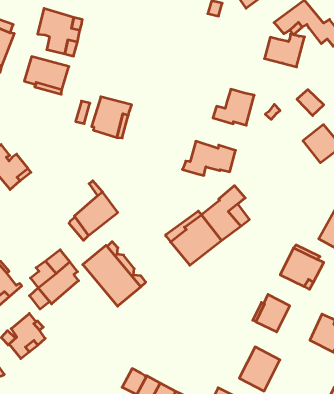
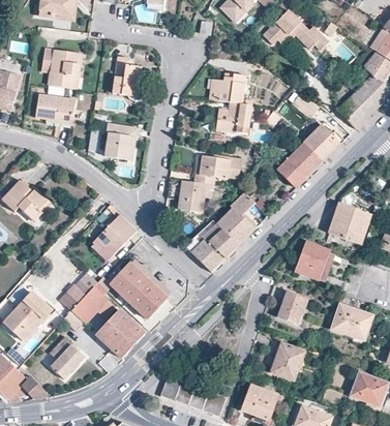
building: none -> [112,56,141,100]
building: [264,34,305,67] -> [211,74,246,104]
building: none -> [275,143,321,188]
building: none -> [178,181,205,213]
building: none -> [95,309,144,358]

